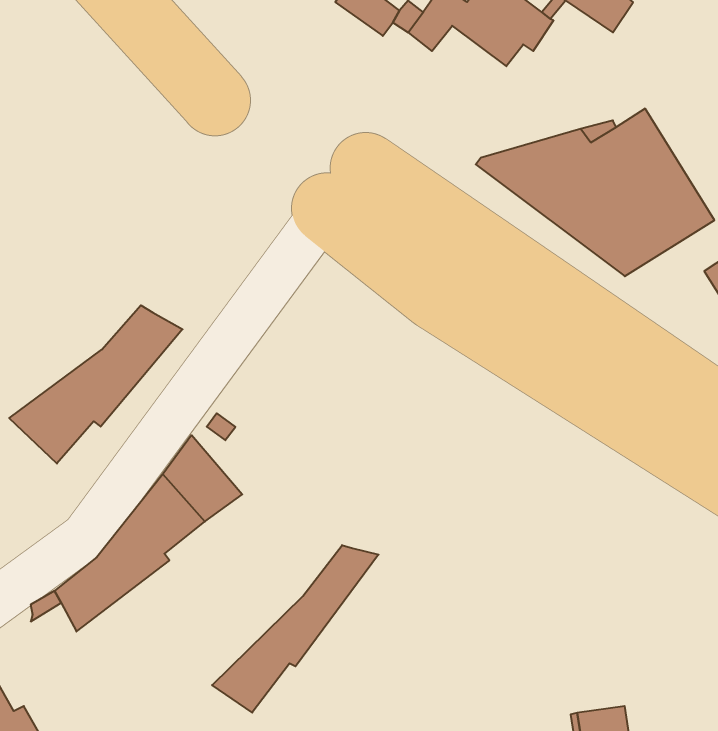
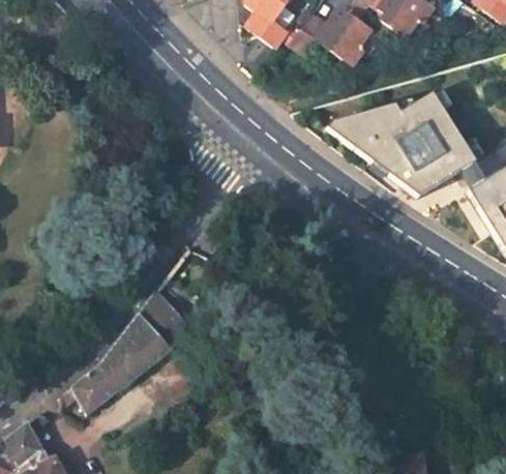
building: [9,305,183,464] -> none
building: [212,545,379,713] -> none

